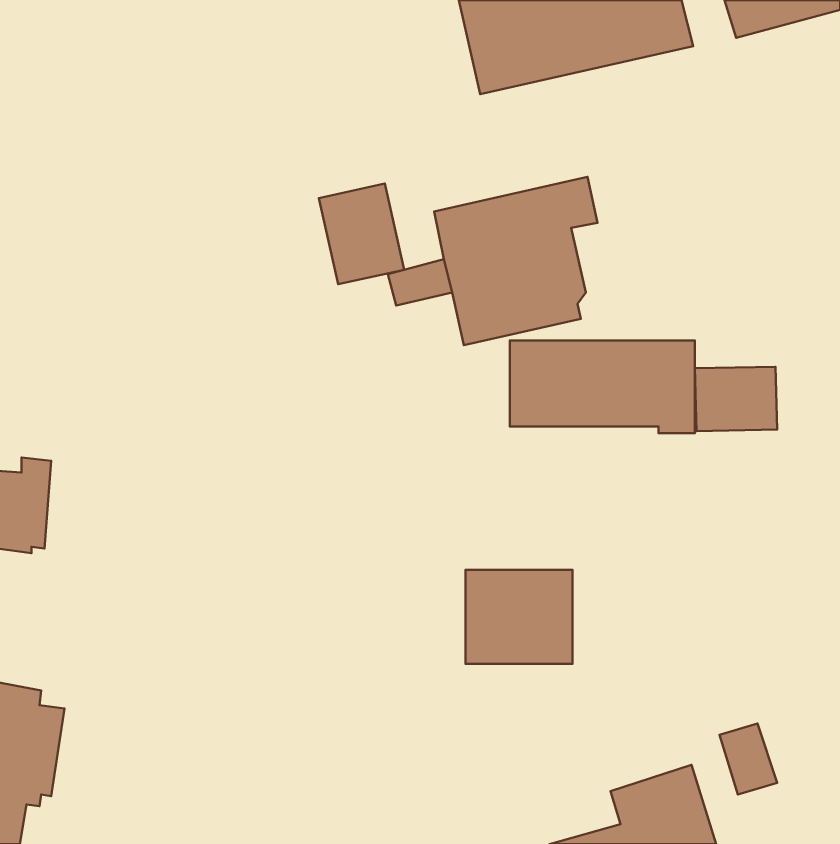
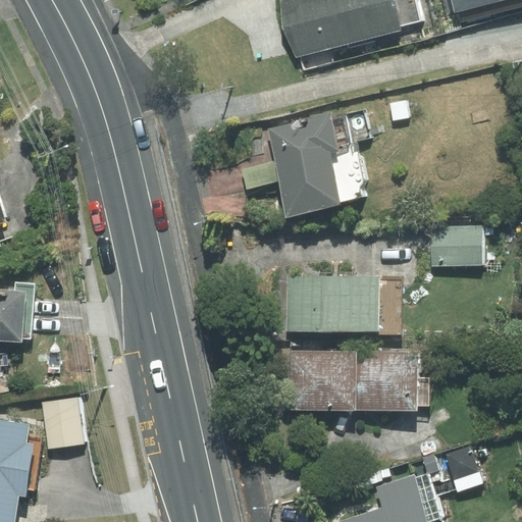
building: [319,184,404,284] -> none
building: [510,341,695,433] -> [285,277,400,334]
building: none -> [354,352,427,410]
building: none -> [42,397,84,447]

